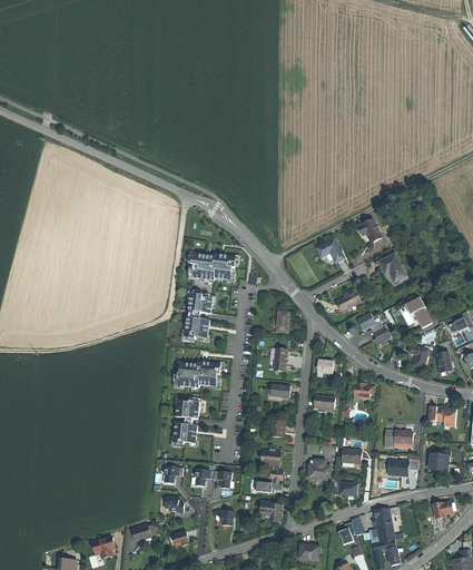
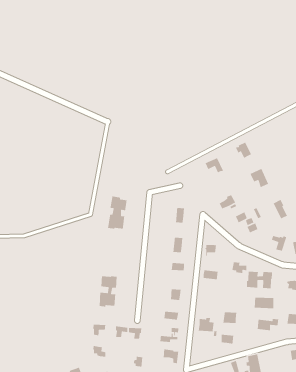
building: [190,254,236,281] -> none
building: [176,362,220,387] -> none
building: none -> [246,271,273,289]

